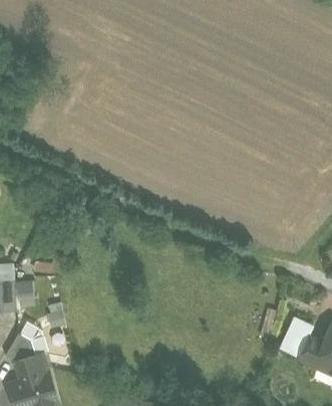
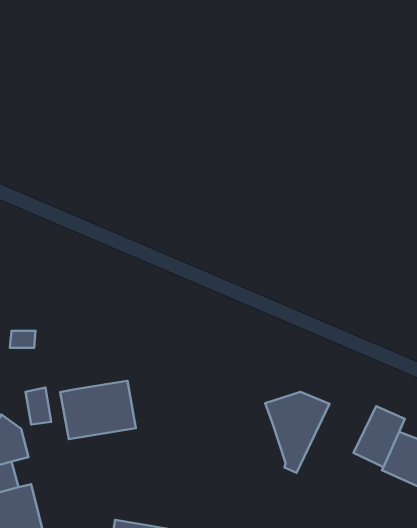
building: none -> [60,381,136,439]
building: none -> [265,392,330,473]

